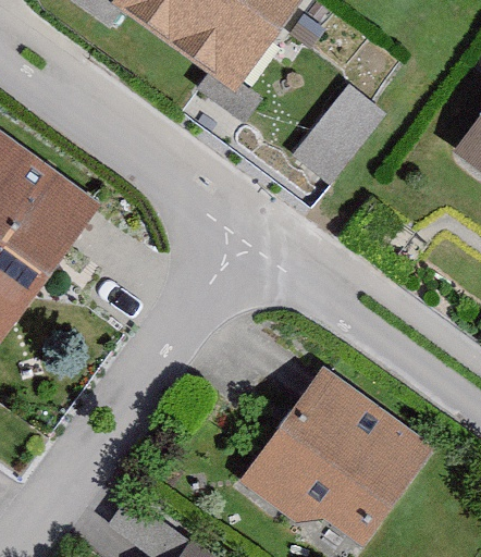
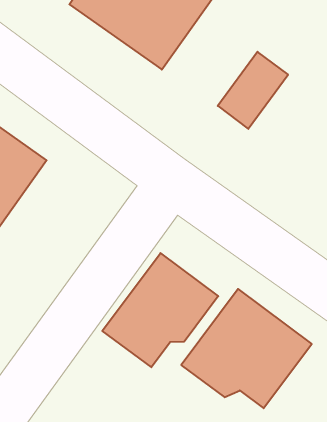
building: none -> [102,253,218,367]

